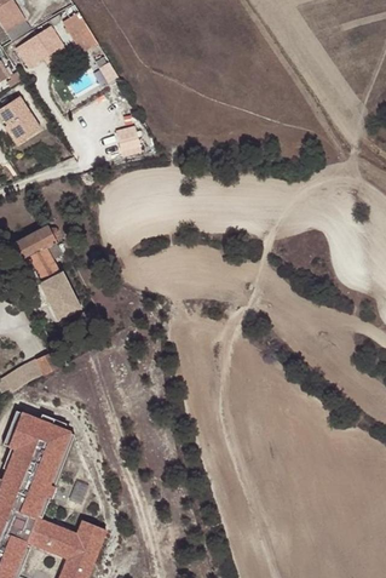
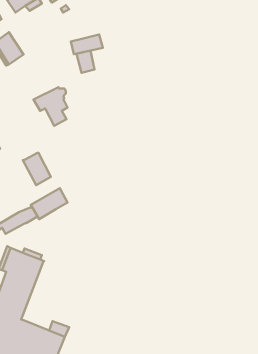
building: none -> [71,34,103,54]
building: [12,225,62,282] -> [34,87,67,126]
building: none -> [31,188,67,219]

